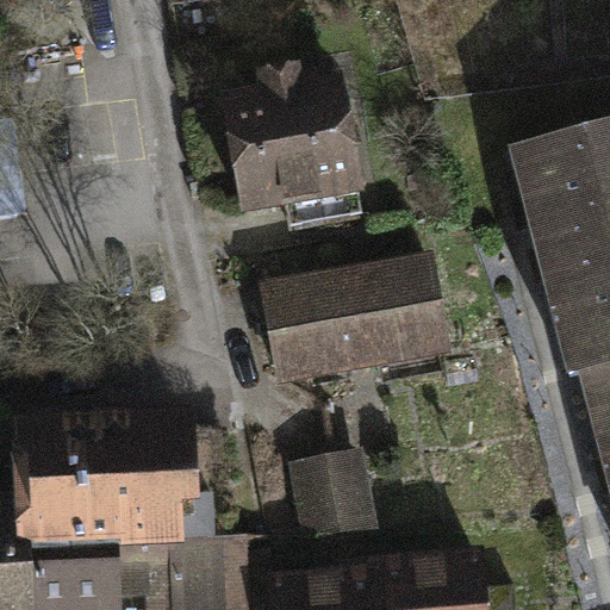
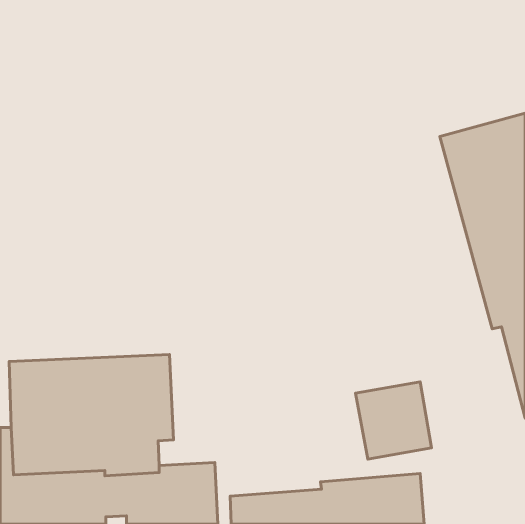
building: [222,64,366,216] -> none
building: [261,254,454,387] -> none
building: [288,450,376,540] -> [356,382,432,459]

